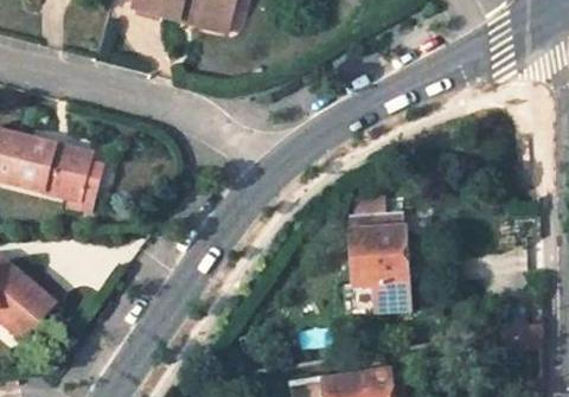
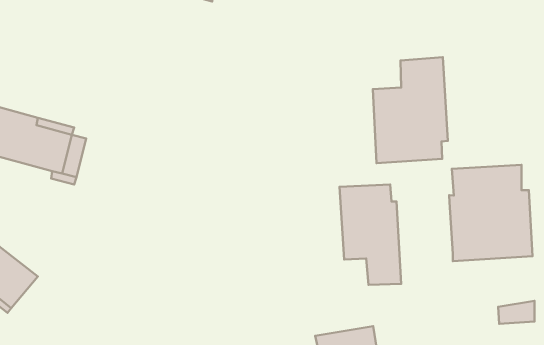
building: none -> [373,57,448,163]
building: none -> [449,165,533,261]

